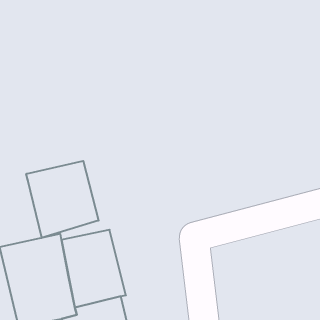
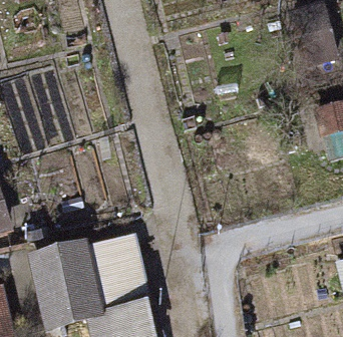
building: [26,161,99,238] -> none

